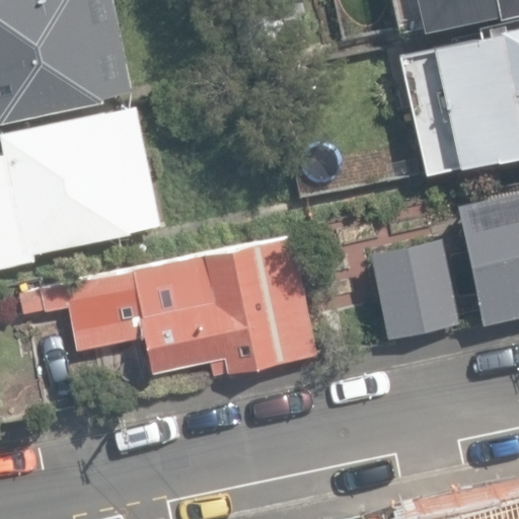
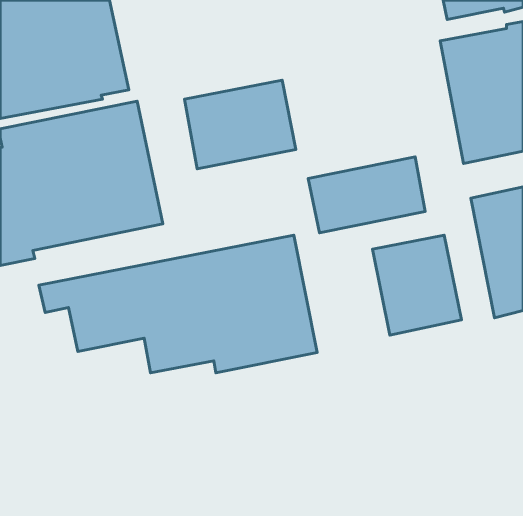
building: none -> [185,80,296,169]
building: none -> [308,157,425,233]

